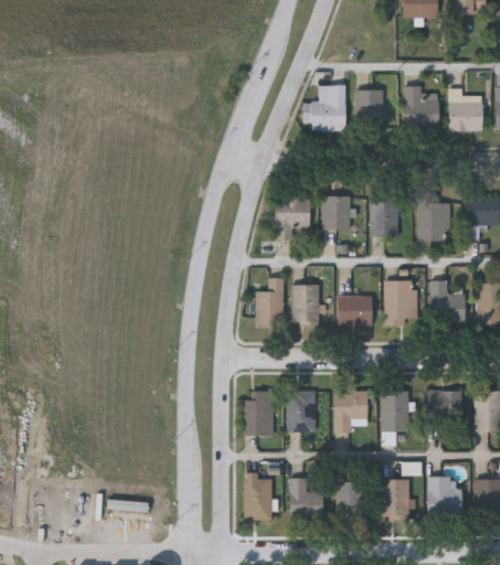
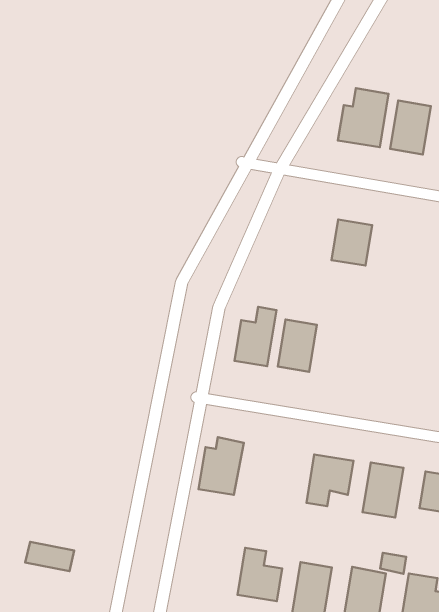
building: [274,196,309,241] -> none
building: [370,199,397,236] -> none
building: [383,280,412,326] -> none
building: [340,296,371,326] -> none
building: [288,391,315,433] -> none
building: [244,473,273,519] -> none

